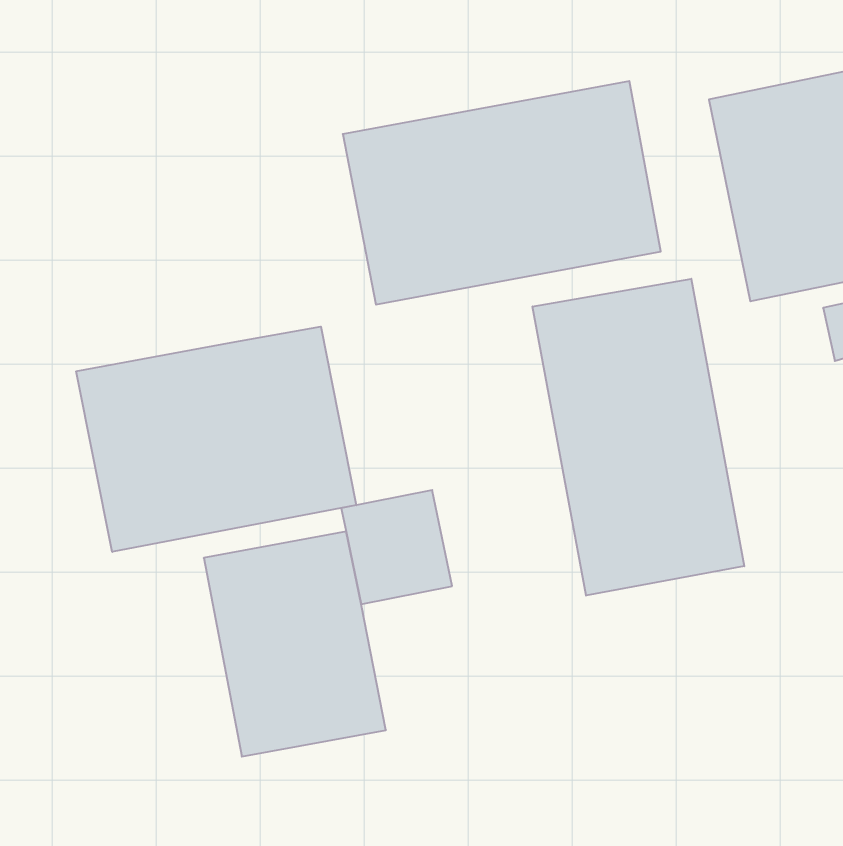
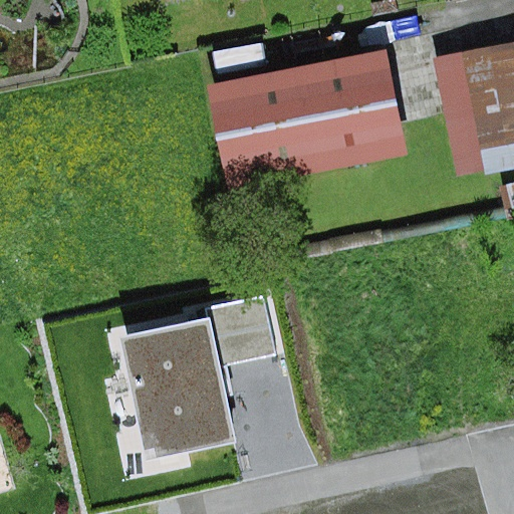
building: [533,279,744,596] -> none
building: [76,327,356,552] -> none

